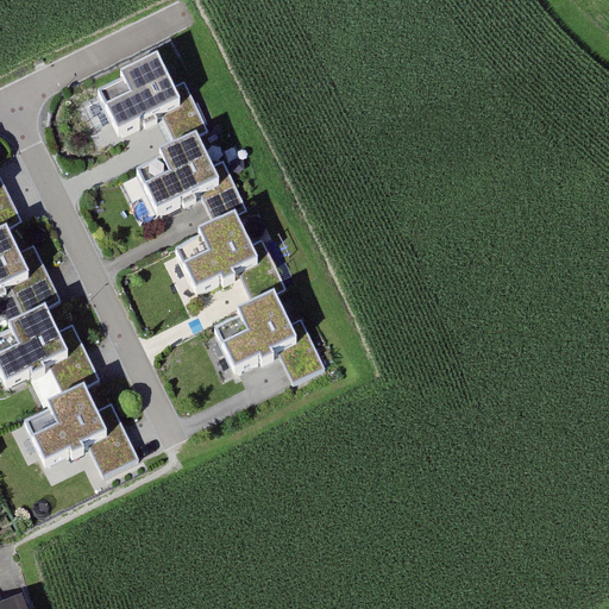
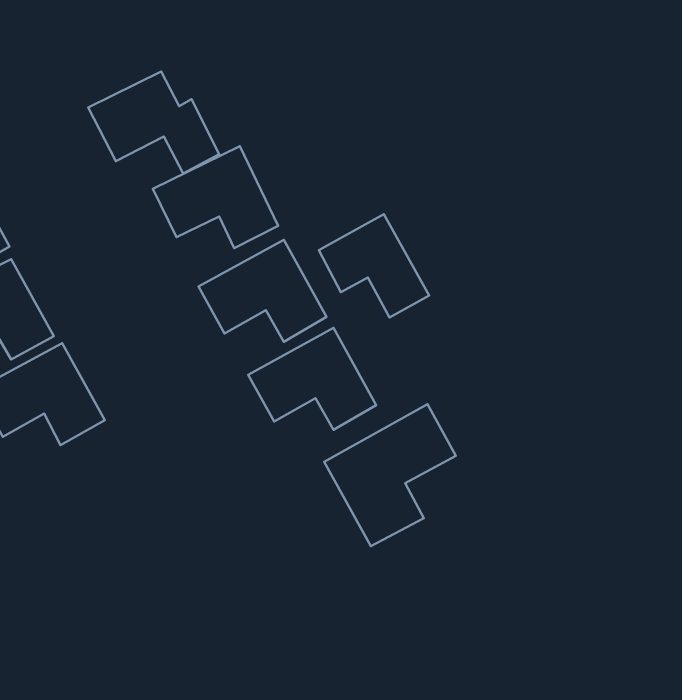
building: none -> [319,214,429,317]
building: none -> [324,404,456,546]
building: [19,384,130,472] -> none

